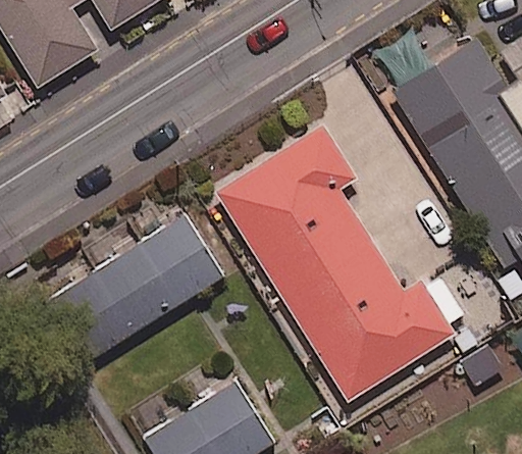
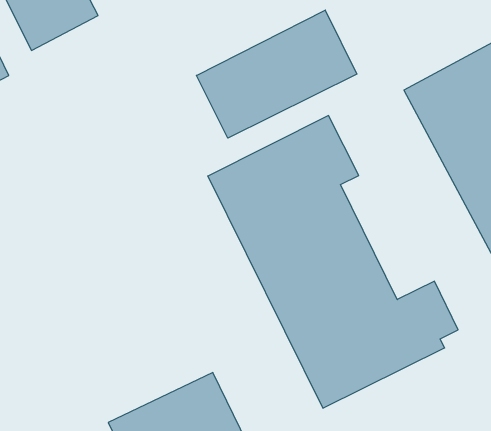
building: none -> [196,10,357,138]
building: [54,215,223,358] -> none

